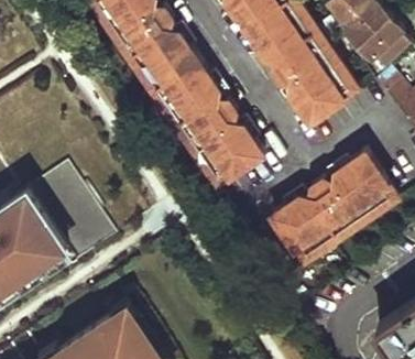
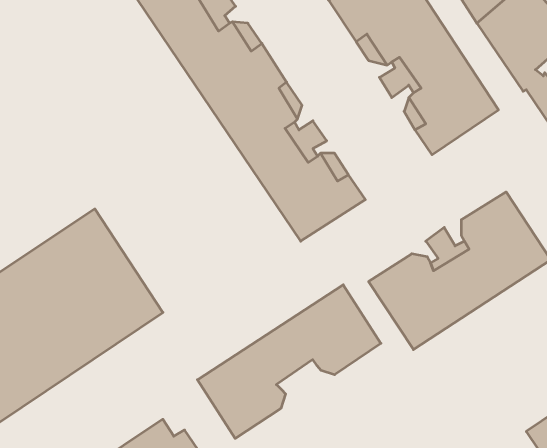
building: none -> [197,285,381,438]

